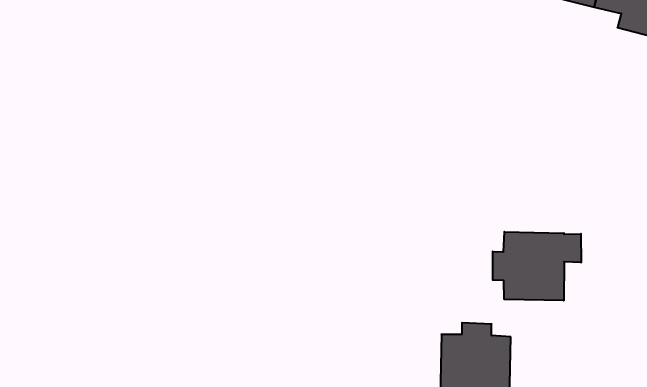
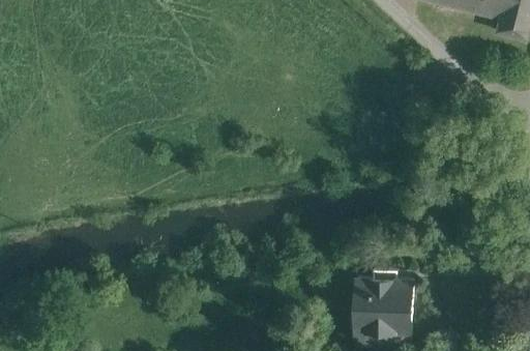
building: [493,232,581,301] -> none

